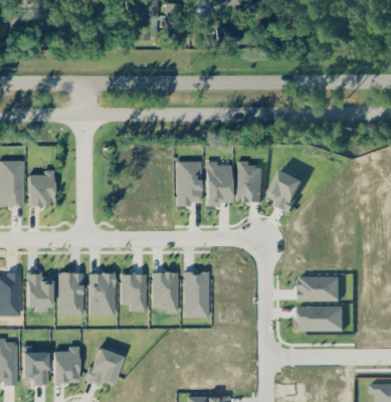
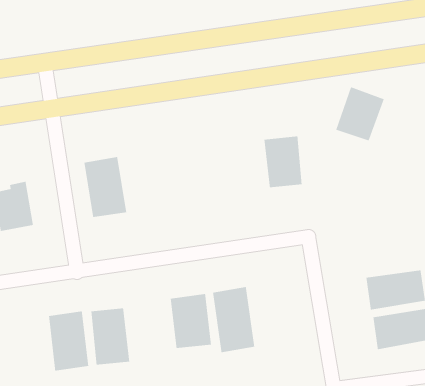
building: [175,161,202,204] -> [83,156,127,218]
building: [206,164,233,204] -> none
building: [265,168,306,211] -> [335,86,385,142]
building: [27,273,54,311] -> none
building: [119,274,145,312] -> none

